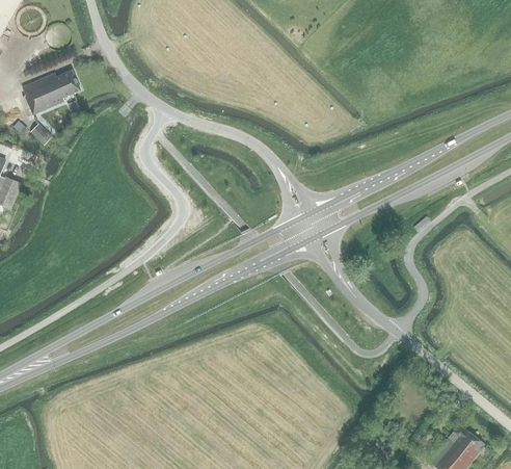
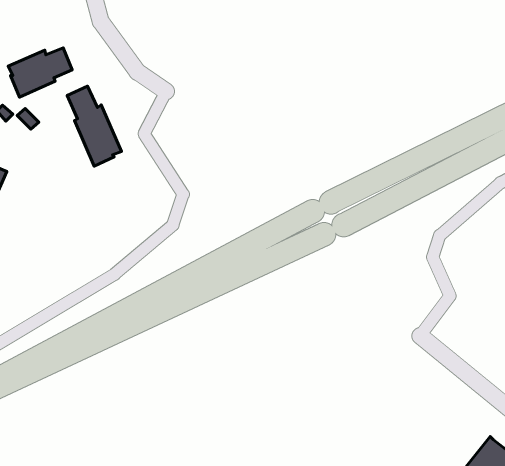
building: none -> [67,86,121,166]

